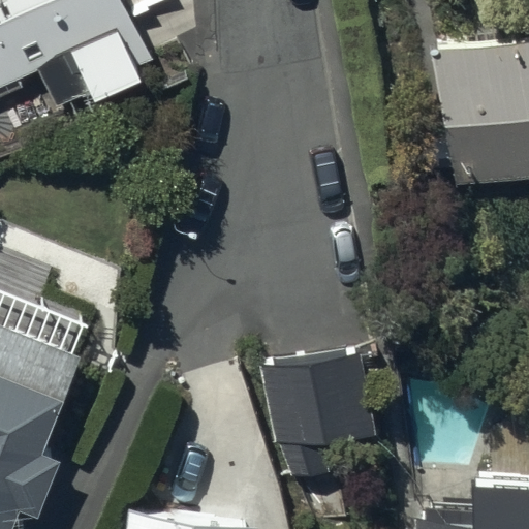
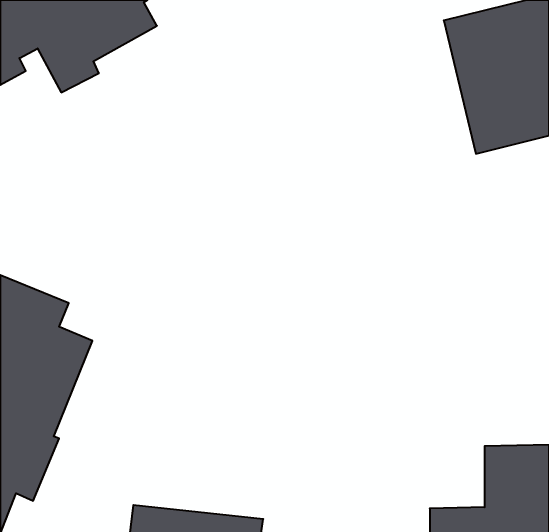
building: [261,345,379,486] -> none

